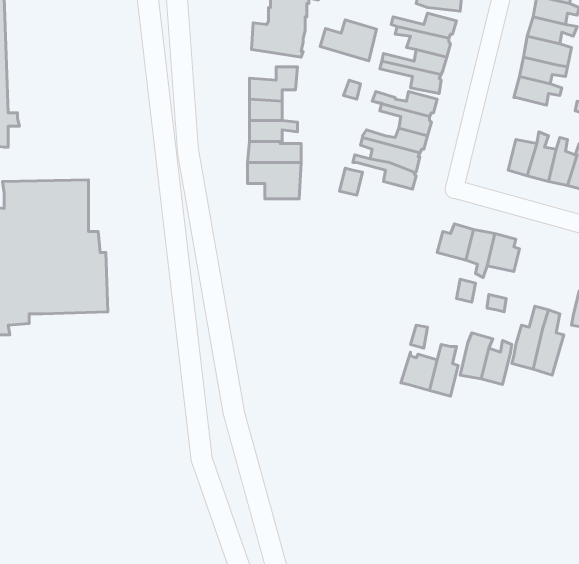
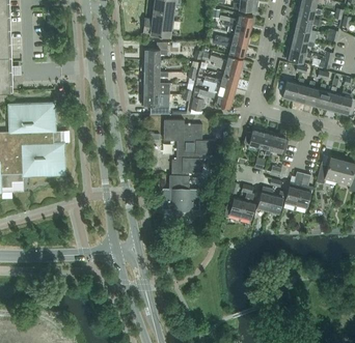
building: [320,20,376,61] -> none
building: none -> [162,120,216,210]

